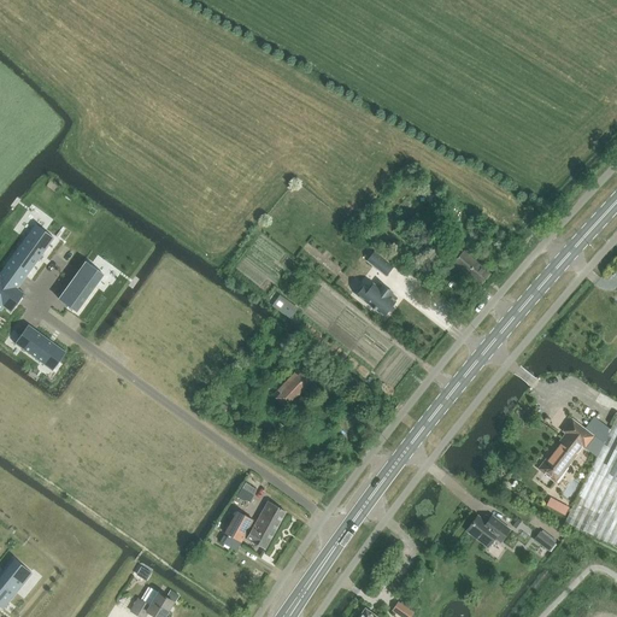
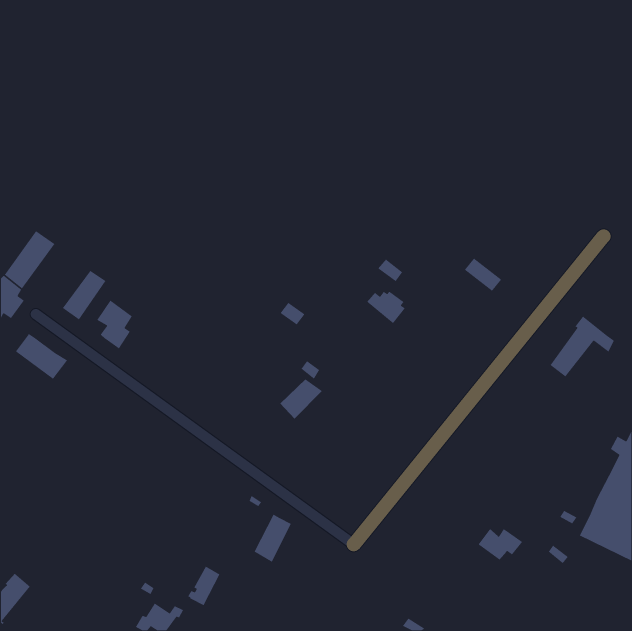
building: none -> [96,300,133,349]
building: [539,419,603,480] -> [549,316,615,377]
building: [219,511,252,551] -> [187,566,220,606]

